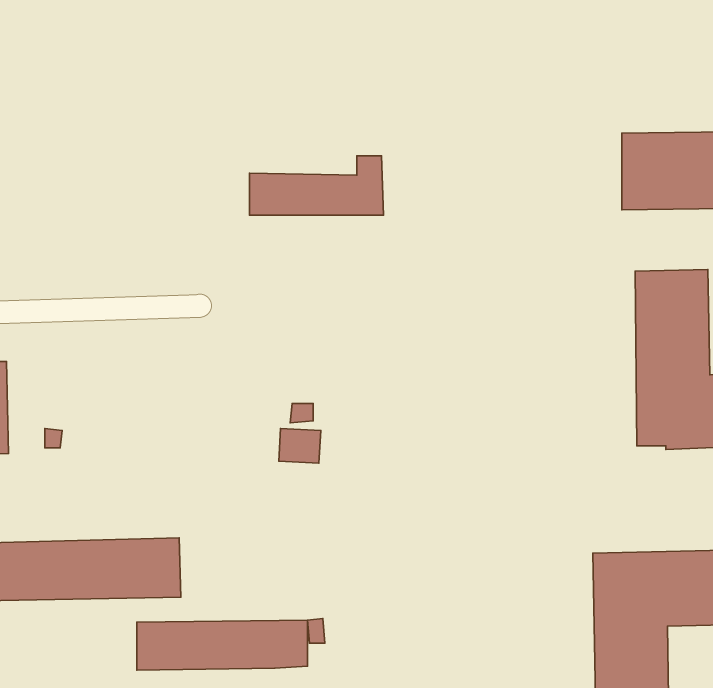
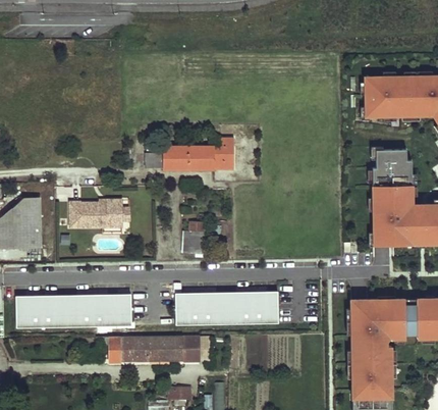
building: [249,156,384,215] -> [163,137,234,168]
building: none -> [69,200,122,228]
building: none -> [175,291,279,324]

